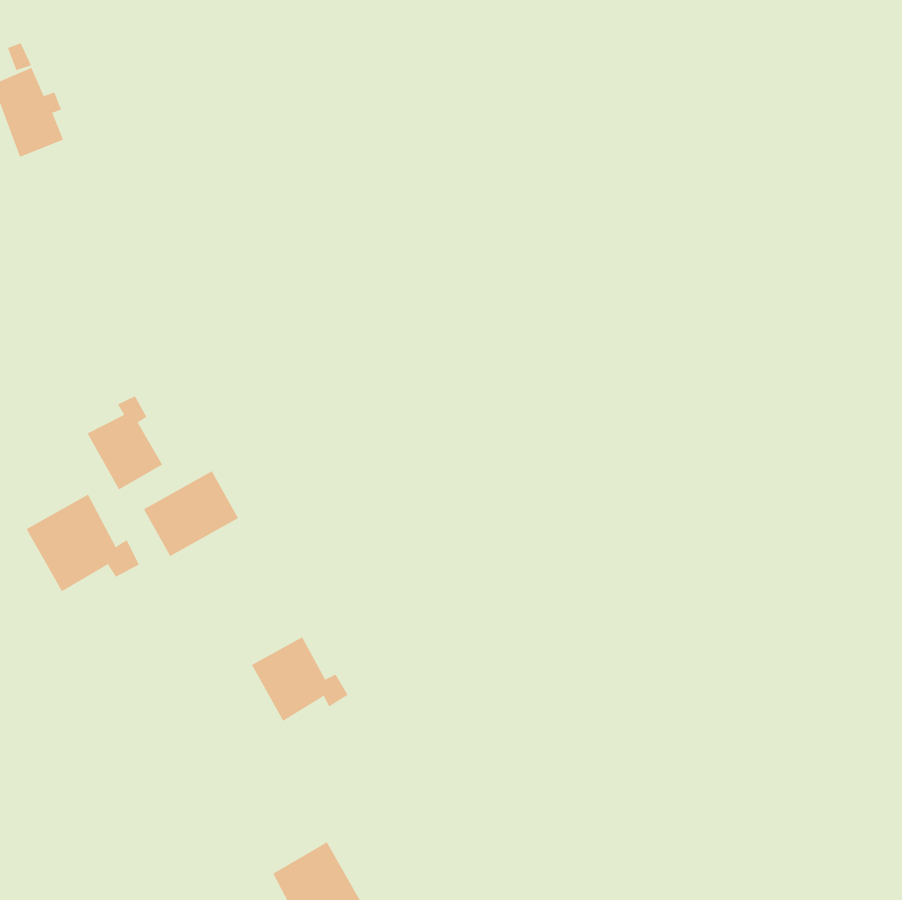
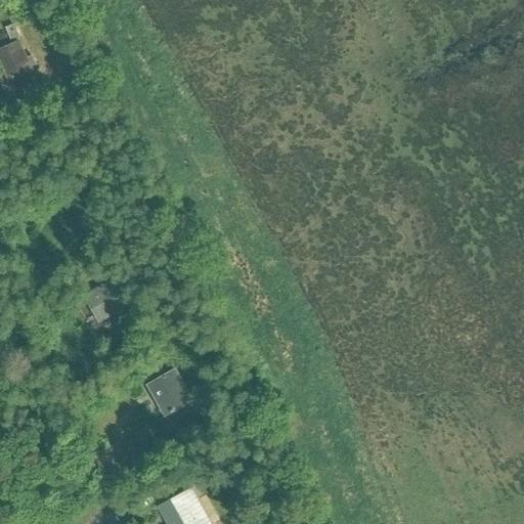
building: [87,396,163,490] -> none
building: [26,494,140,592] -> none

